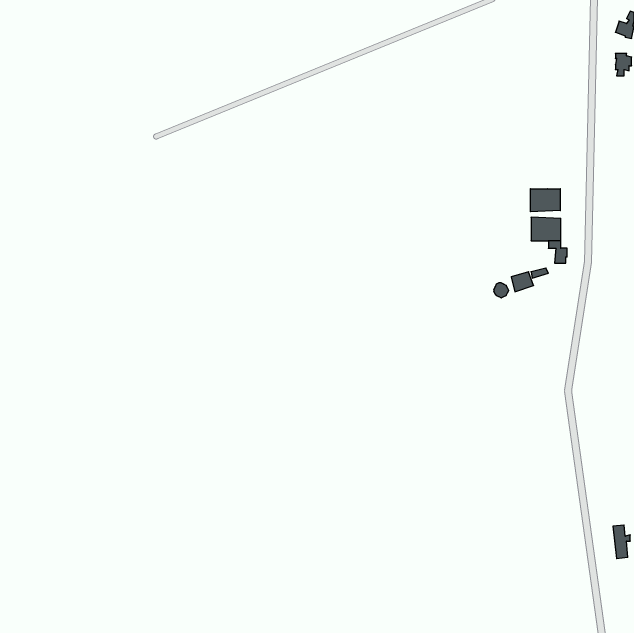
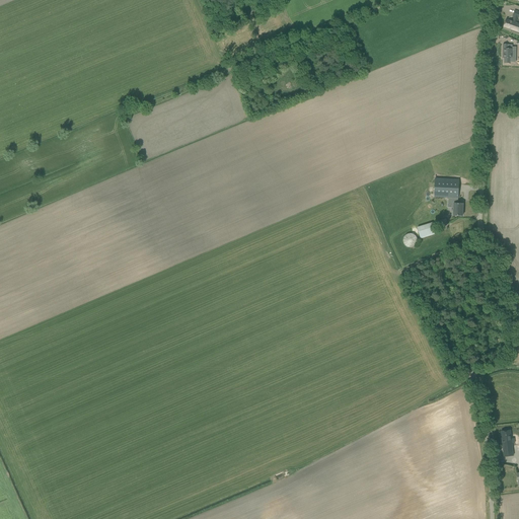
building: [530,189,560,212] -> none

